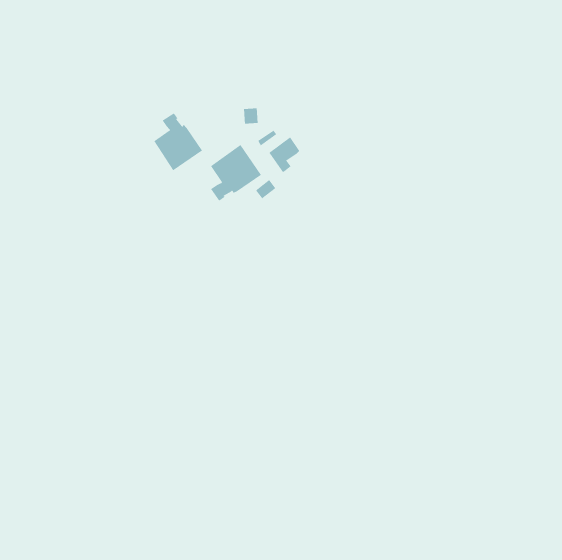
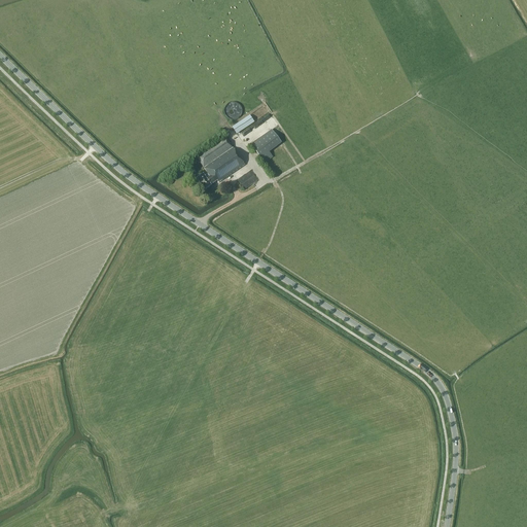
building: [153,112,203,171] -> none

